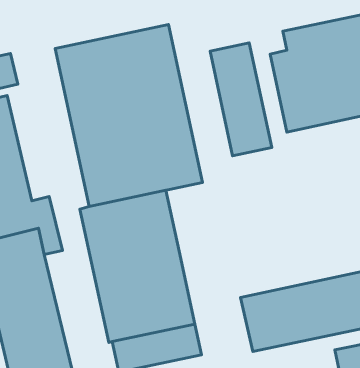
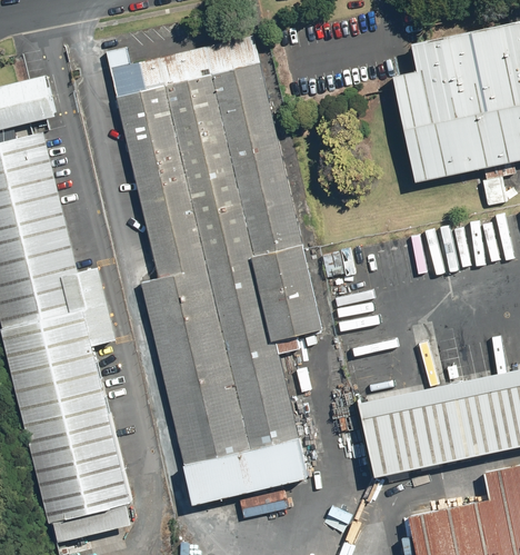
building: [210,43,272,156] -> none
building: none -> [257,250,323,343]

